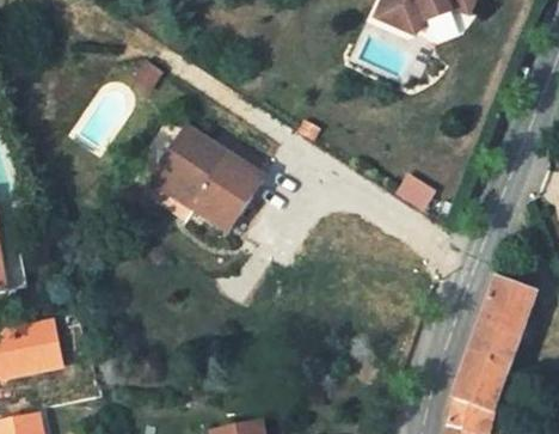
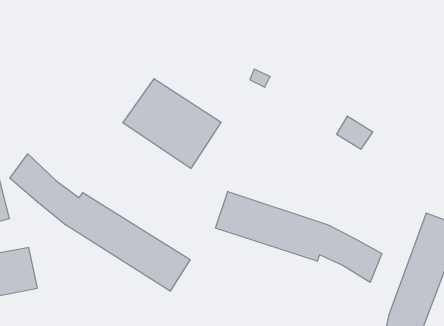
building: none -> [10,154,190,291]
building: none -> [215,191,382,282]

